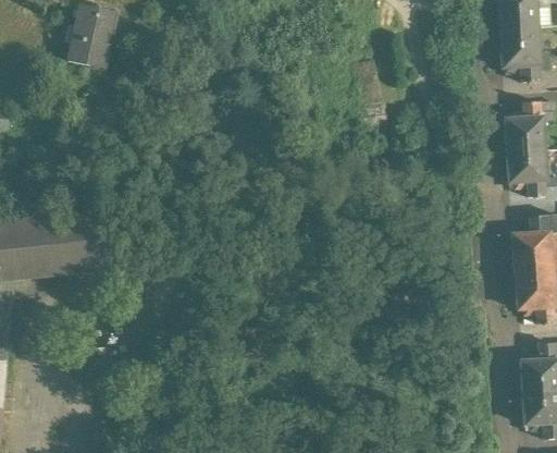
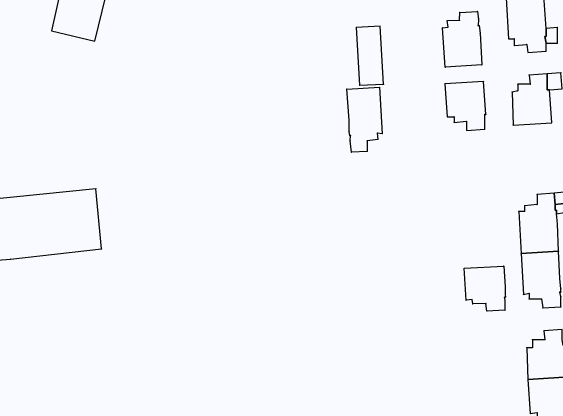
building: none -> [443,11,482,67]
building: none -> [347,87,382,152]
building: [507,147,546,194] -> [445,82,486,130]
building: none -> [464,266,506,311]

